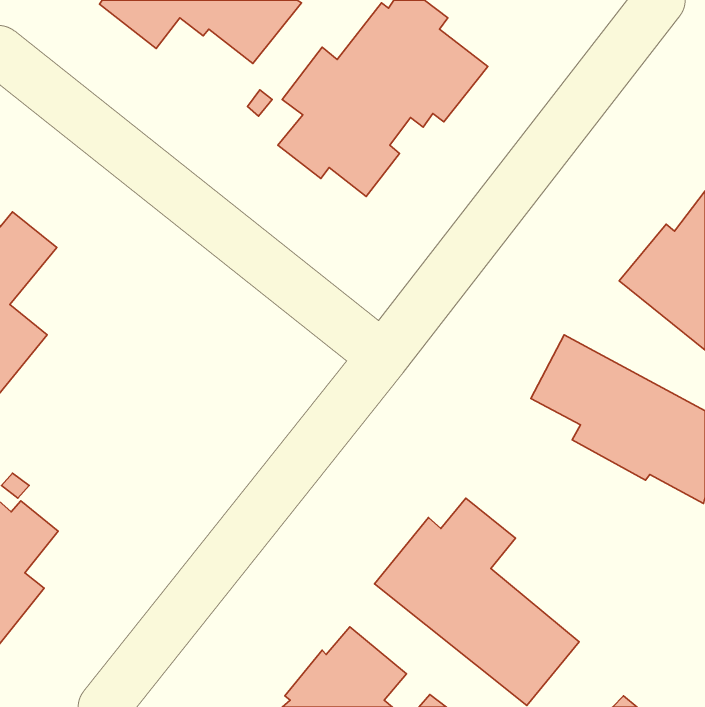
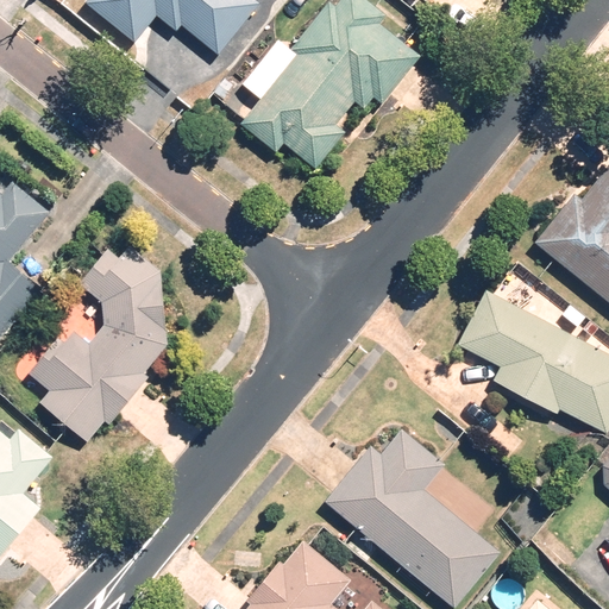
building: none -> [27,246,167,441]

